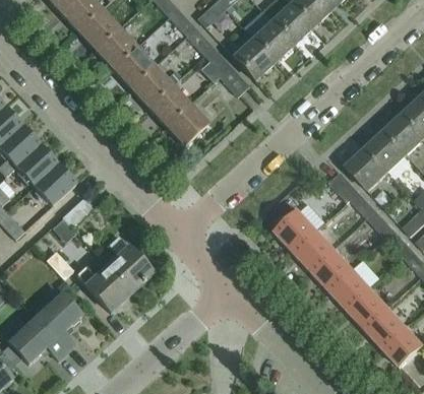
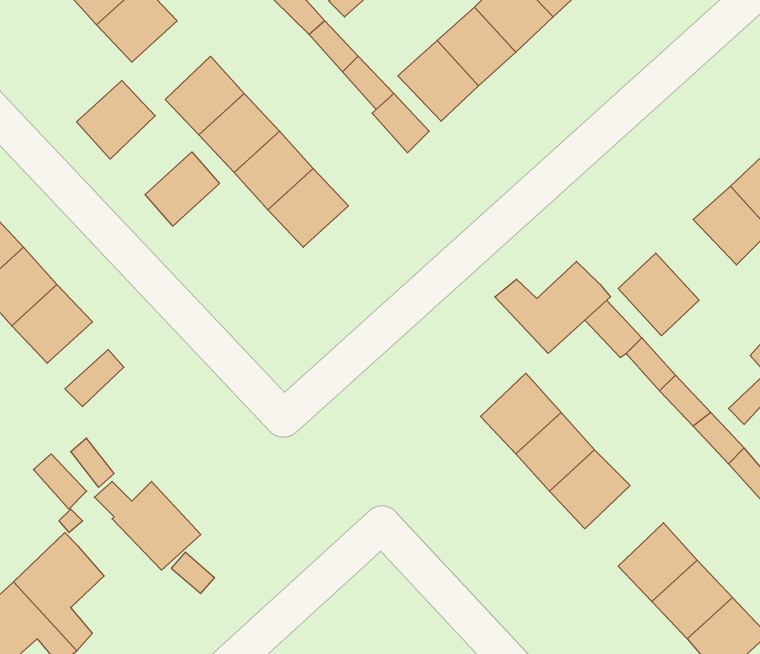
building: [96,27,136,68] -> [77,80,155,159]
building: none -> [145,152,219,226]
building: [366,130,408,172] -> none
building: none -> [495,261,610,353]
building: [106,235,154,292] -> none
building: [329,267,370,309] -> none

